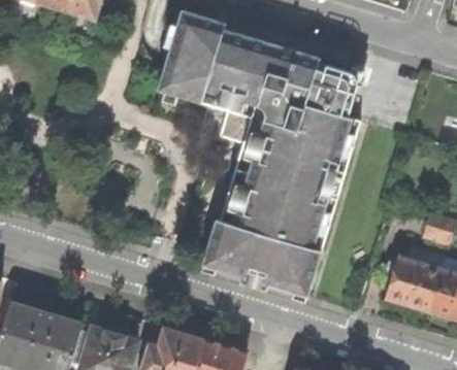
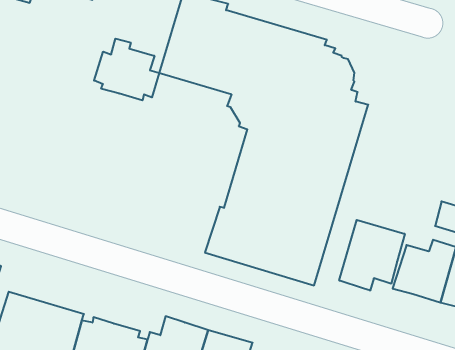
building: none -> [94,39,159,100]
building: none -> [339,220,405,291]

